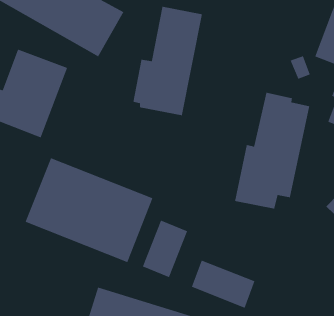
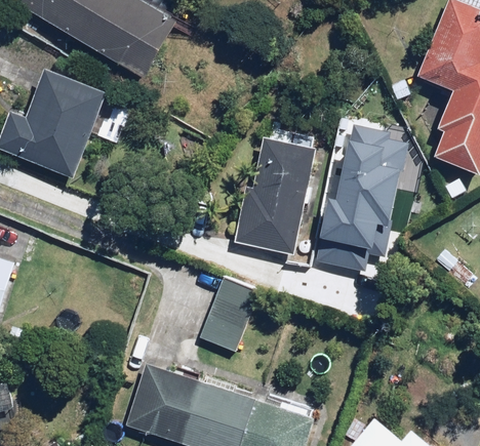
building: [133,6,203,116] -> [232,115,320,253]
building: [24,157,153,263] -> none
building: [191,259,256,309] -> none

